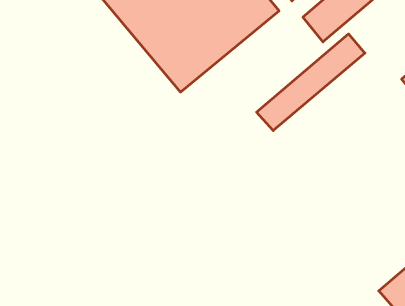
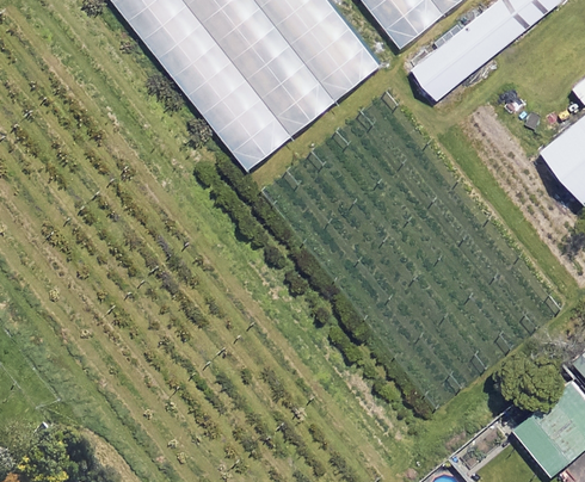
building: [257,34,365,131] -> none

